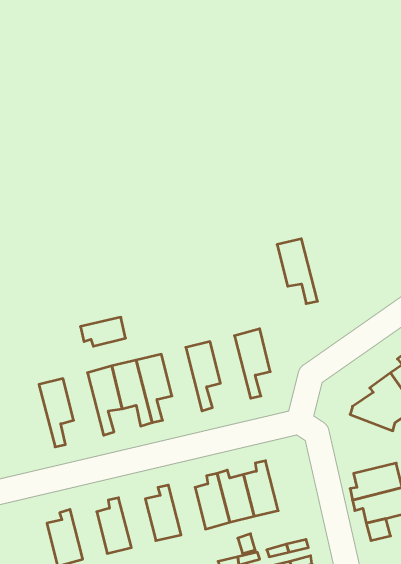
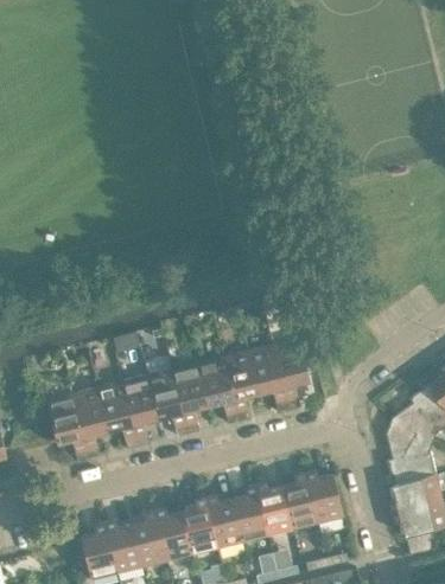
building: [277,239,318,304] -> [247,345,288,411]
building: none -> [197,357,239,424]
building: none -> [96,383,138,449]
building: none -> [45,394,88,461]
building: none -> [387,425,438,486]
building: none -> [304,470,343,524]
building: none -> [204,495,242,548]
building: none -> [153,507,191,561]
building: none -> [103,520,141,573]

